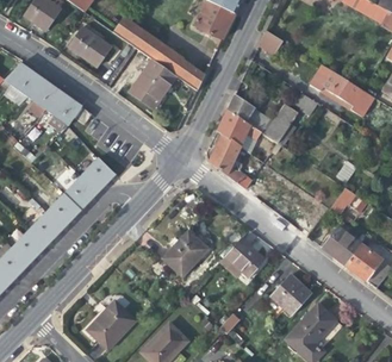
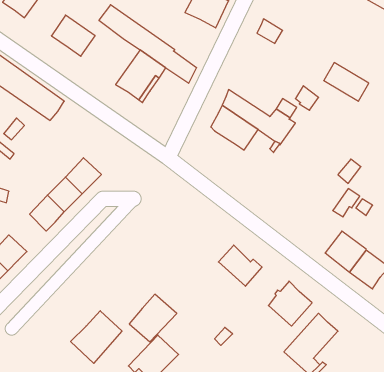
building: [207,133,251,188] -> none
building: [30,211,64,245] -> none
building: [163,231,207,275] -> [129,294,177,342]

